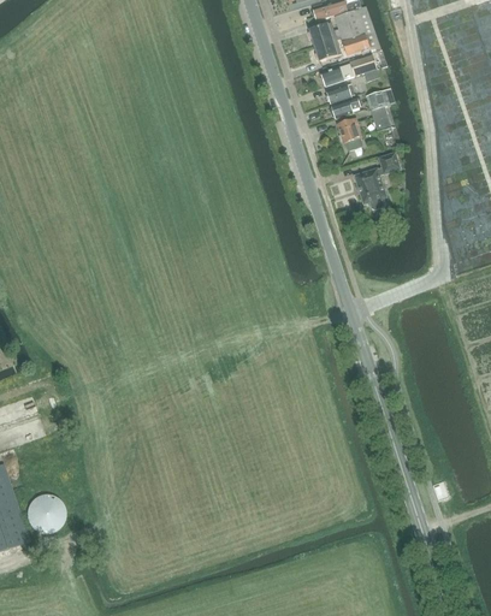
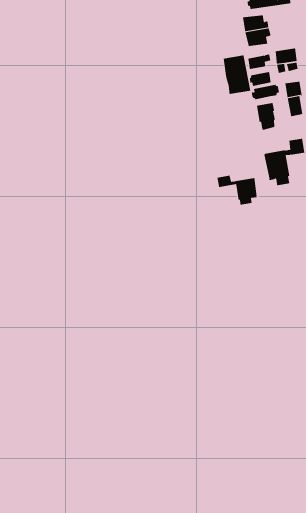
building: [335,8,371,54] -> [223,55,251,94]
building: none -> [217,175,258,205]

